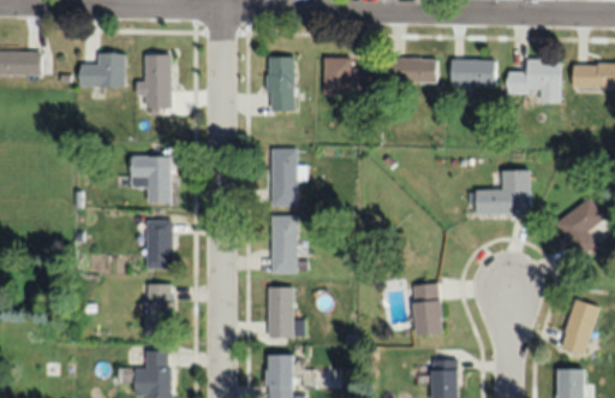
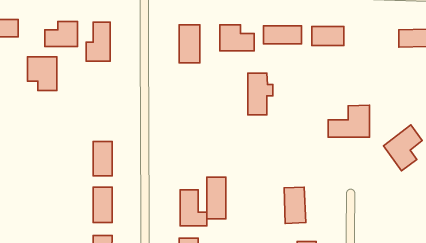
building: [508,60,560,93] -> none
building: [271,149,306,207] -> [248,73,273,115]
building: [131,155,172,202] -> [28,57,57,90]
building: [271,215,298,273] -> [207,177,226,219]
building: [562,301,599,356] -> none

